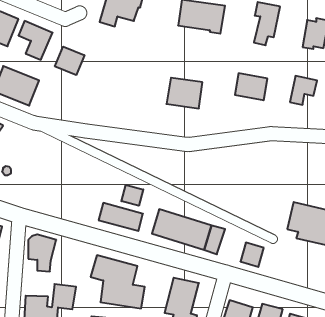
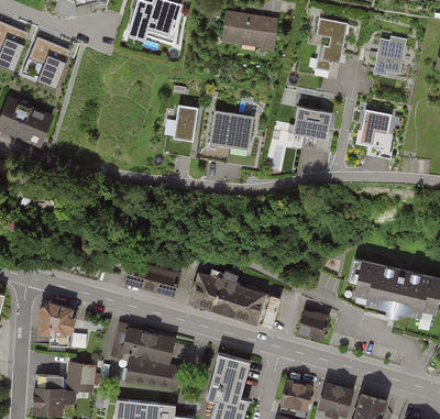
building: [55,47,84,75] -> none
building: none -> [172,103,197,142]
building: [121,185,143,206] -> none

